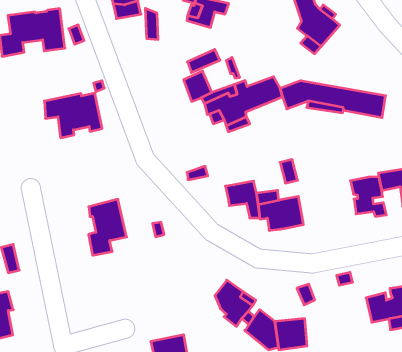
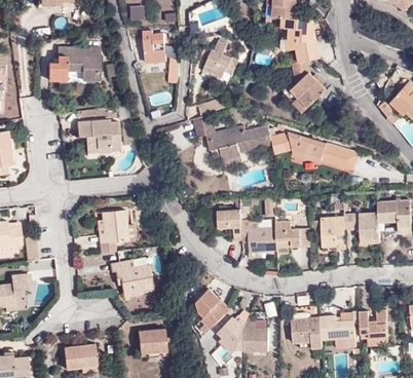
building: none -> [274,222,299,249]
building: none -> [109,261,154,295]
building: none -> [290,318,321,348]

